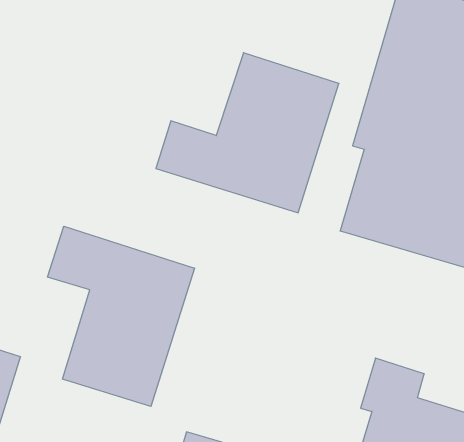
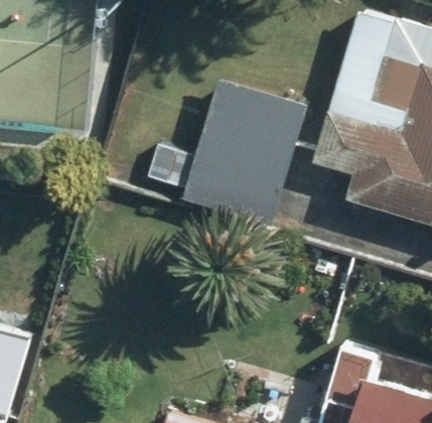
building: [48,226,195,406] -> none

